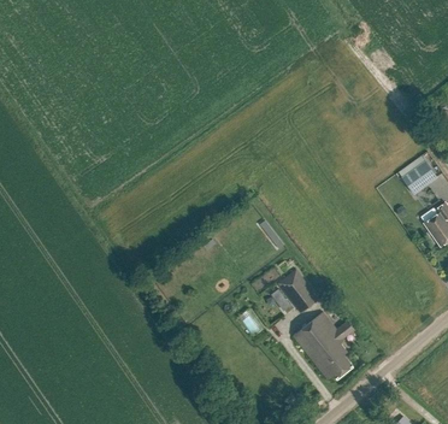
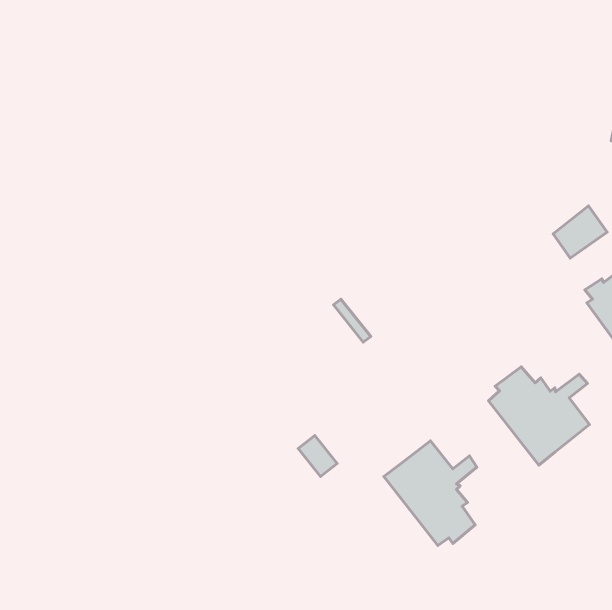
building: none -> [488,367,589,465]
building: [277,270,318,313] -> none

